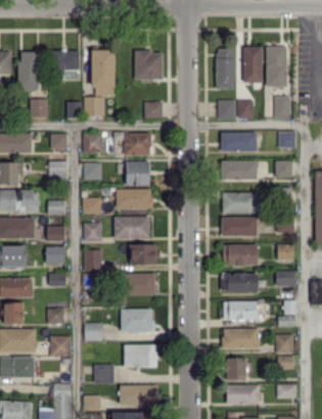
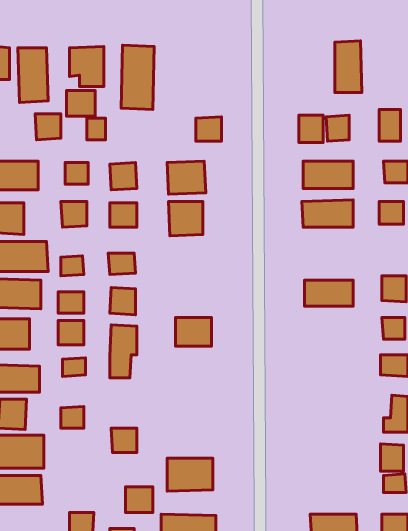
building: [266,46,287,87] -> none
building: [216,48,235,89] -> none
building: [135,51,163,79] -> none
building: [84,96,104,115] -> [67,90,95,116]
building: [116,188,152,209] -> none
building: [222,192,258,213] -> none
building: [113,216,149,239] -> none
building: [222,244,258,264] -> none
building: [127,273,155,295] -> none
building: [223,273,258,292] -> none
building: [223,300,259,320] -> none
building: [121,308,152,332] -> none
building: [223,328,259,347] -> none
building: [50,336,71,355] -> none
building: [226,358,246,379] -> none

